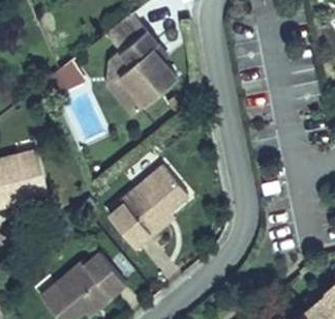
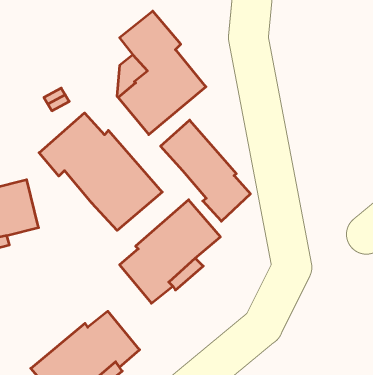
building: none -> [39,113,162,230]
building: none -> [161,120,250,221]

